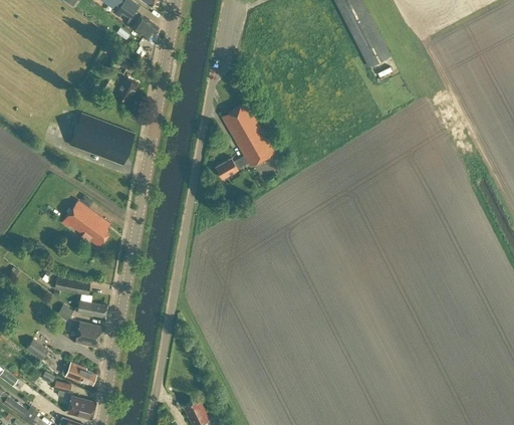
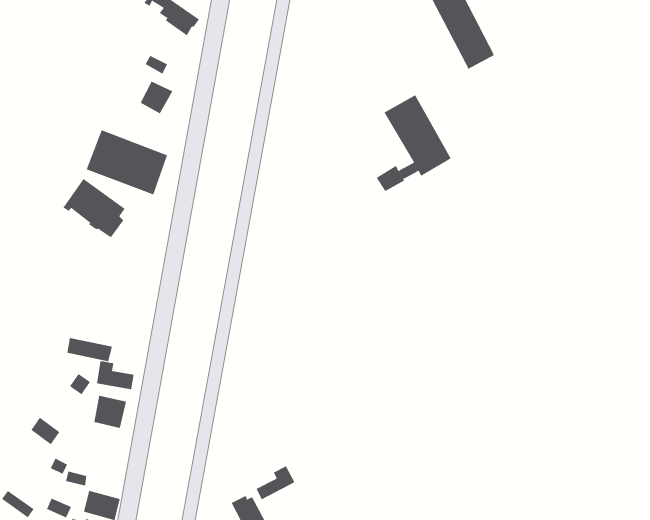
building: [215,102,274,179] -> [376,95,451,192]
building: [61,200,110,247] -> [63,178,125,238]
building: [65,363,96,385] -> none
building: none -> [256,465,295,500]

